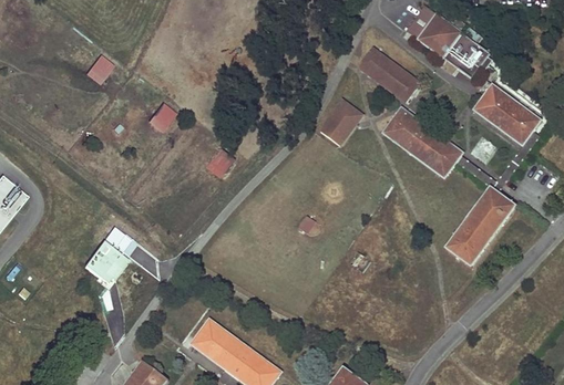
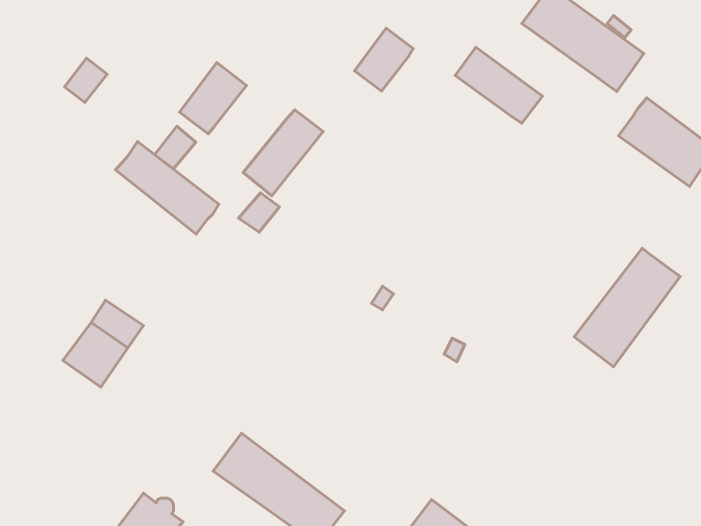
building: none -> [179,62,246,134]
building: none -> [243,110,323,196]
building: [319,101,360,145] -> [355,28,413,91]
building: [381,106,462,178] -> none
building: none -> [115,142,219,234]

